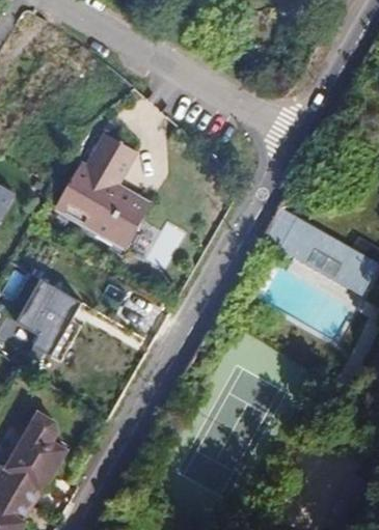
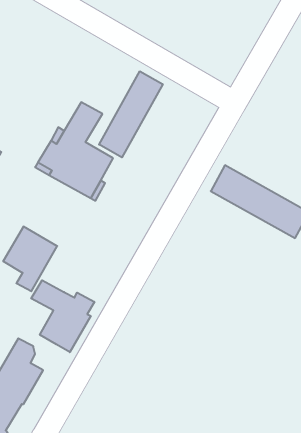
building: none -> [99,71,163,157]
building: none -> [31,280,94,352]

